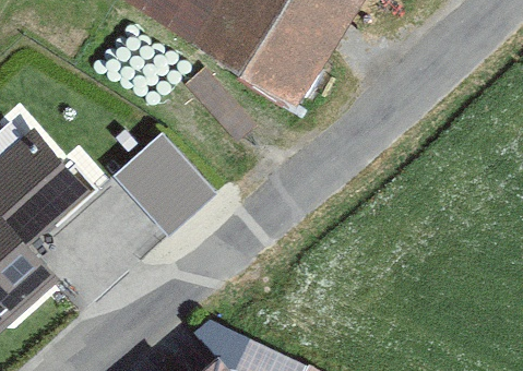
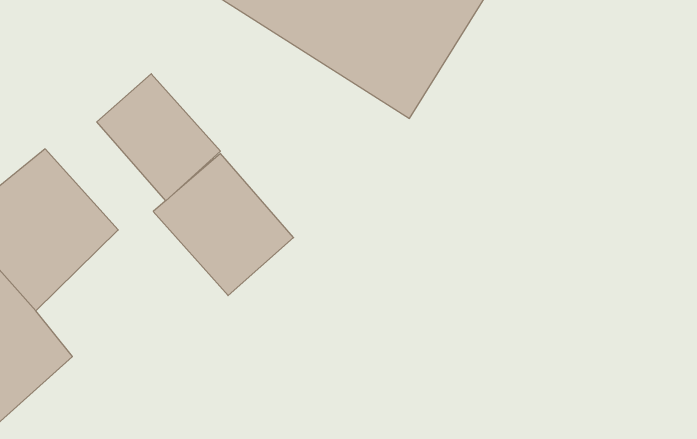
building: none -> [97,74,220,201]

